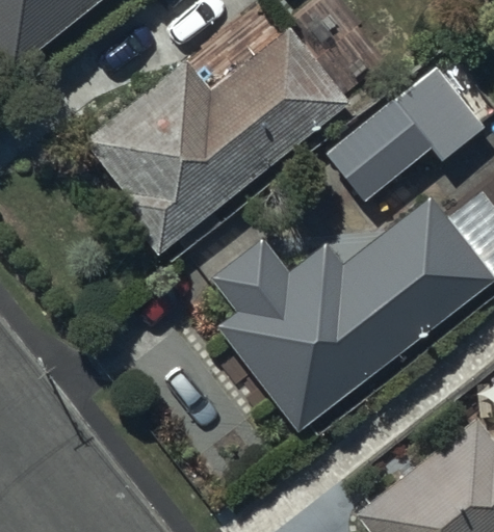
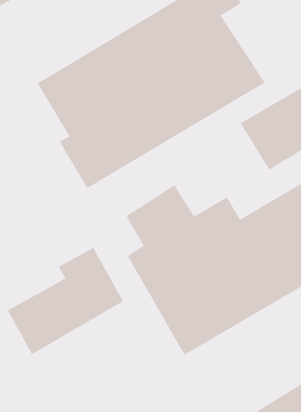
building: none -> [7,247,124,355]

